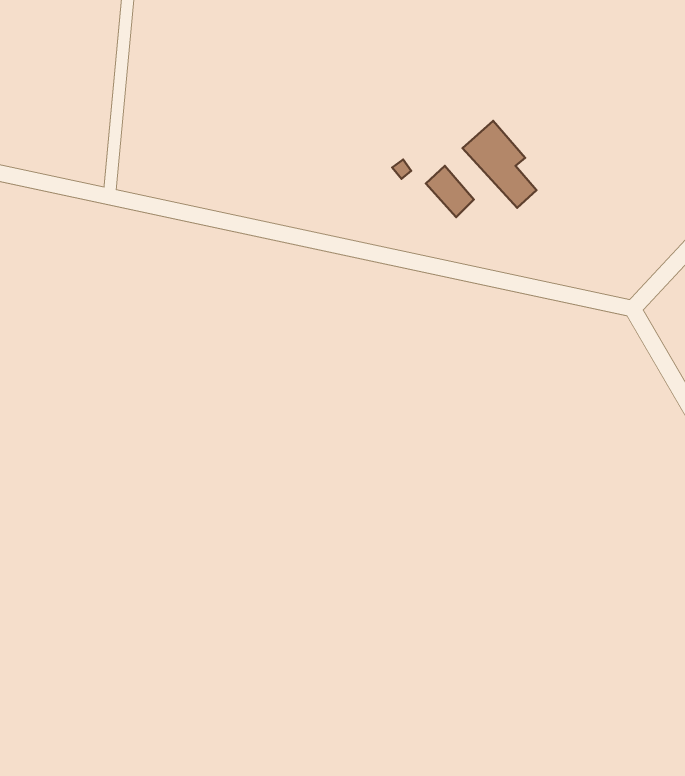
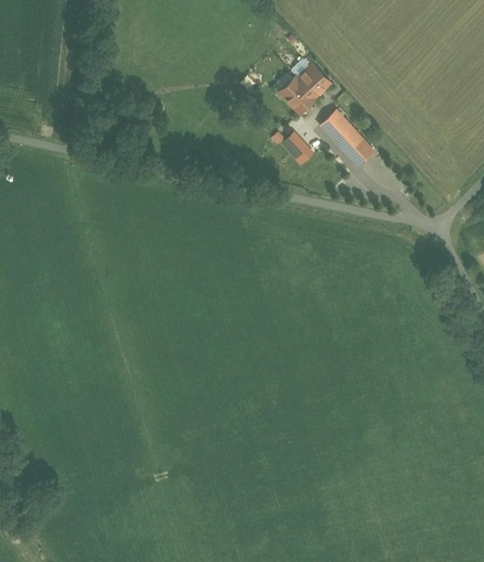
building: none -> [280,66,327,112]

